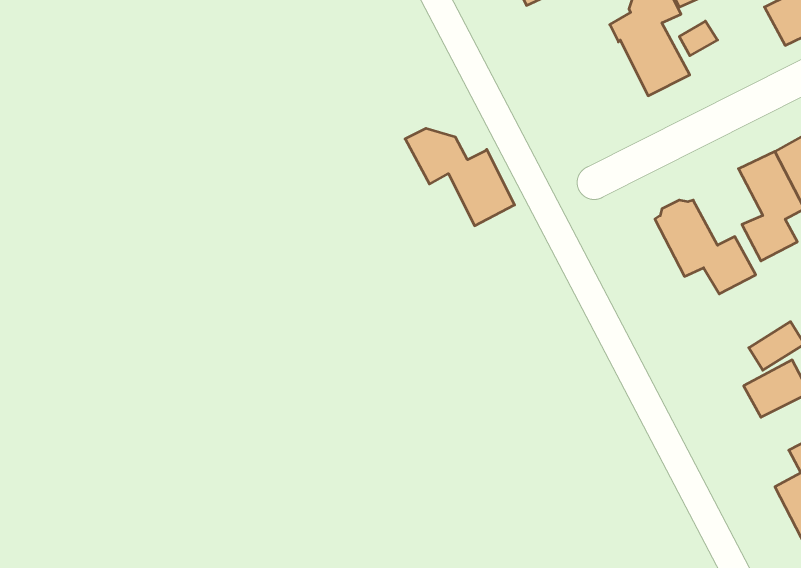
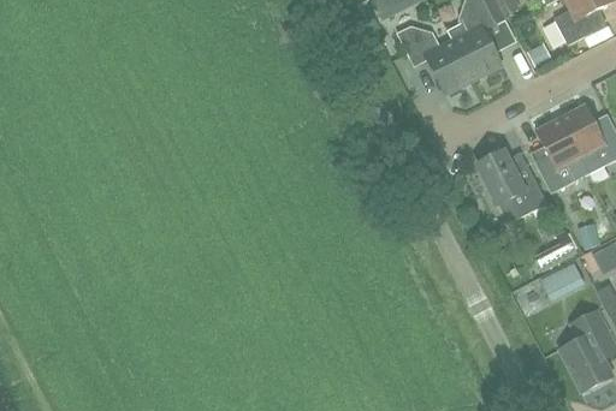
building: [405,128,515,226] -> [397,25,473,93]

